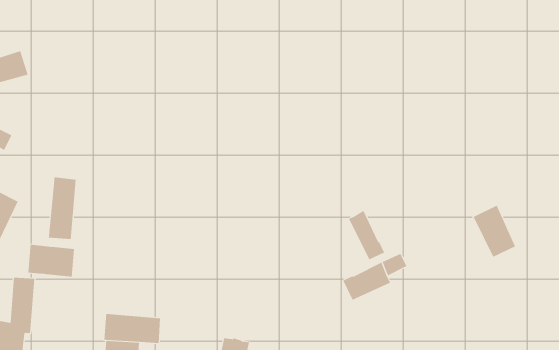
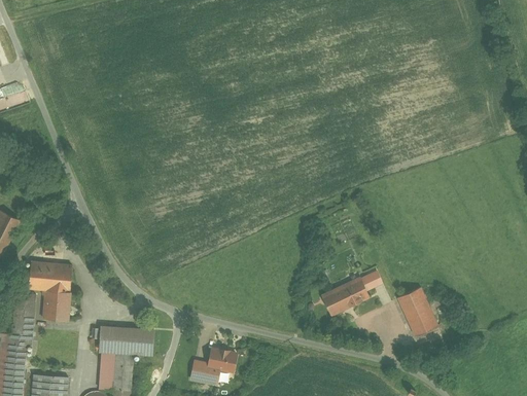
building: [48,176,76,240] -> none
building: [473,205,516,258] -> [396,285,436,334]
building: [348,210,385,260] -> none
building: none -> [41,288,69,319]

